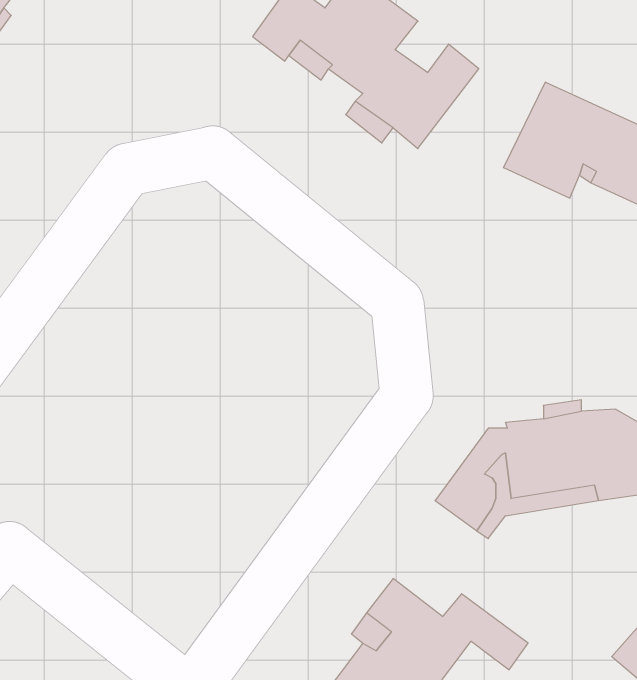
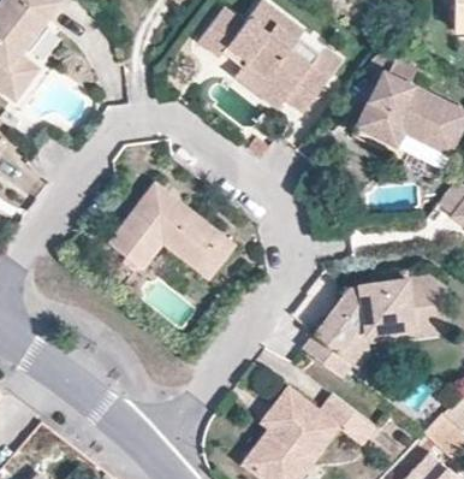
building: none -> [107,182,237,280]

